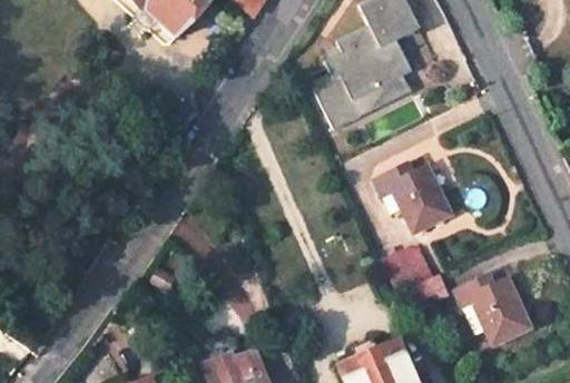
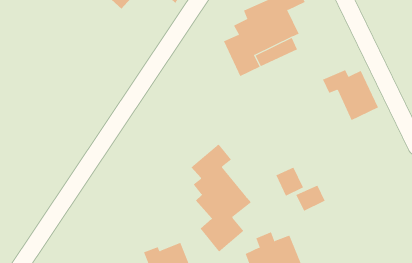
building: [379,176,454,245] -> [322,69,379,121]
building: none -> [191,144,252,253]
building: [454,273,530,341] -> none

